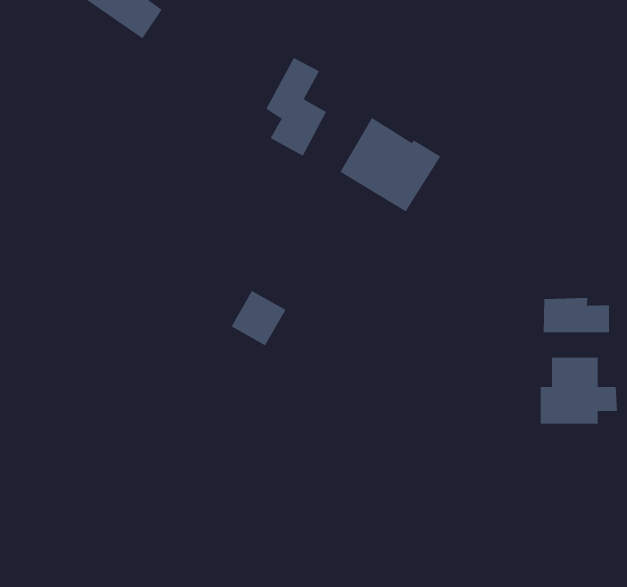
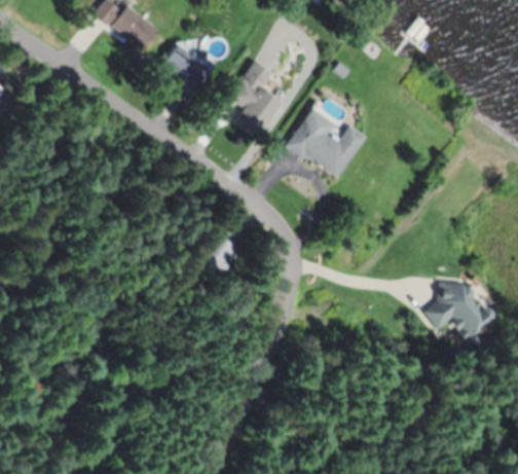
building: none -> [161,40,212,102]
building: [543,297,610,333] -> none

